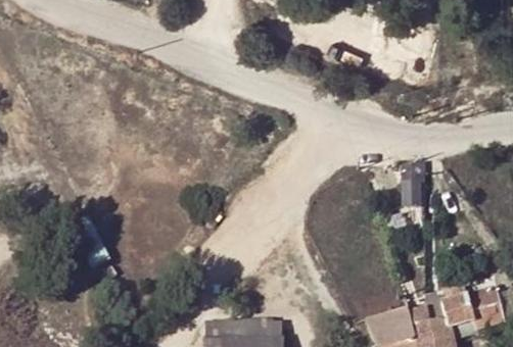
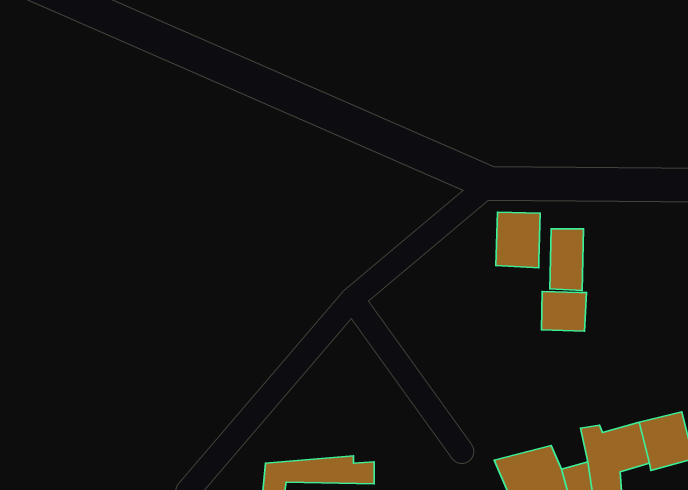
building: none -> [496,212,540,268]
building: none -> [541,291,586,331]

